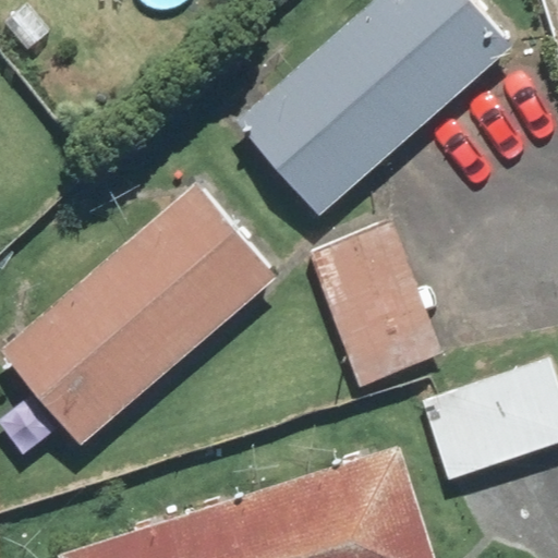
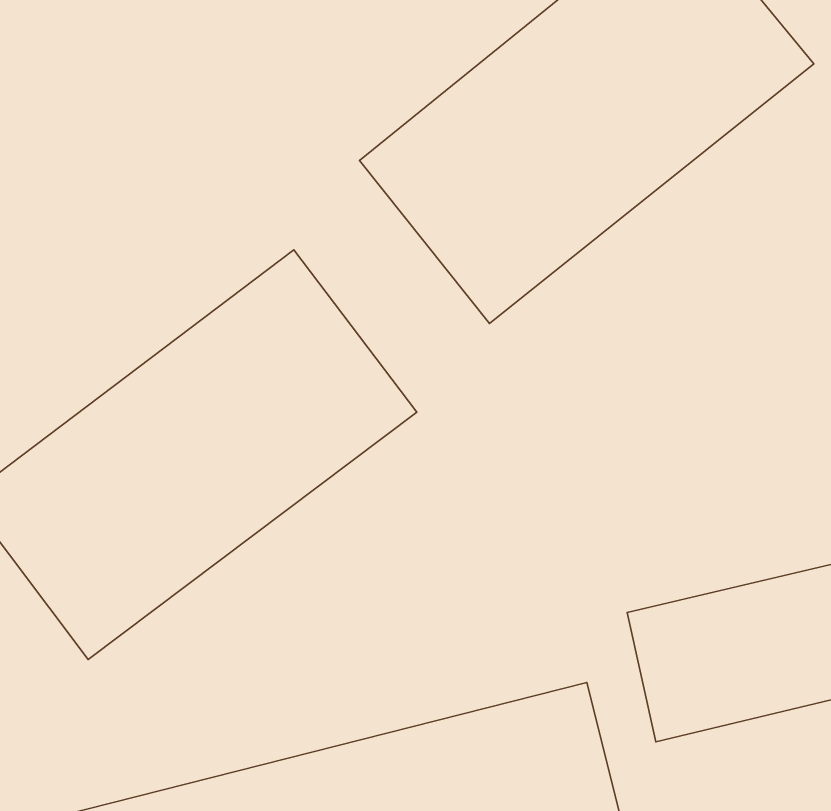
building: [302,215,450,395] -> none

